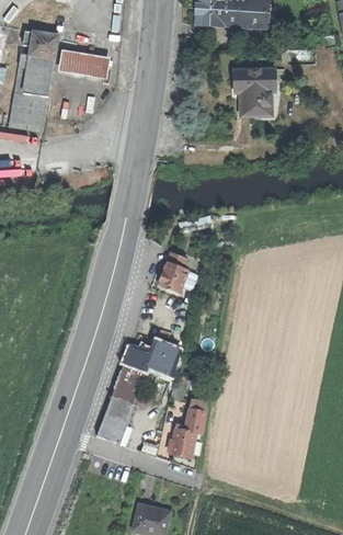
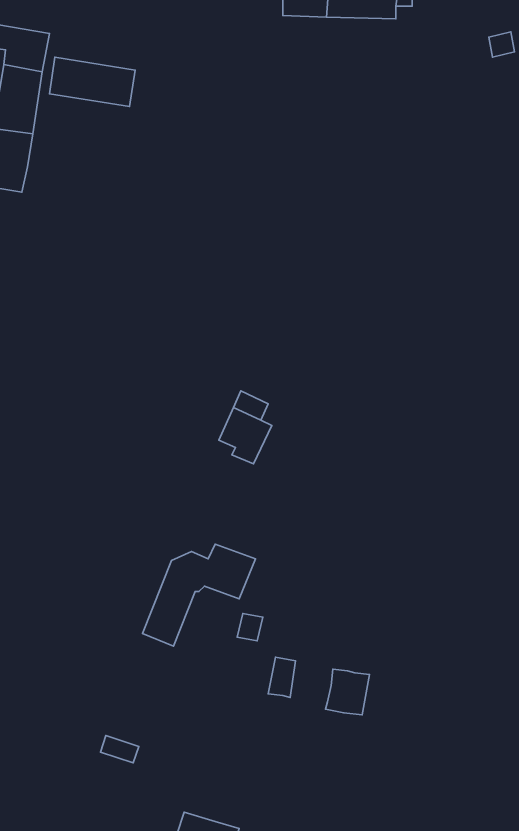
building: [235,69,275,116] -> none
building: [98,395,134,442] -> none
building: [171,429,197,456] -> [326,669,369,715]

